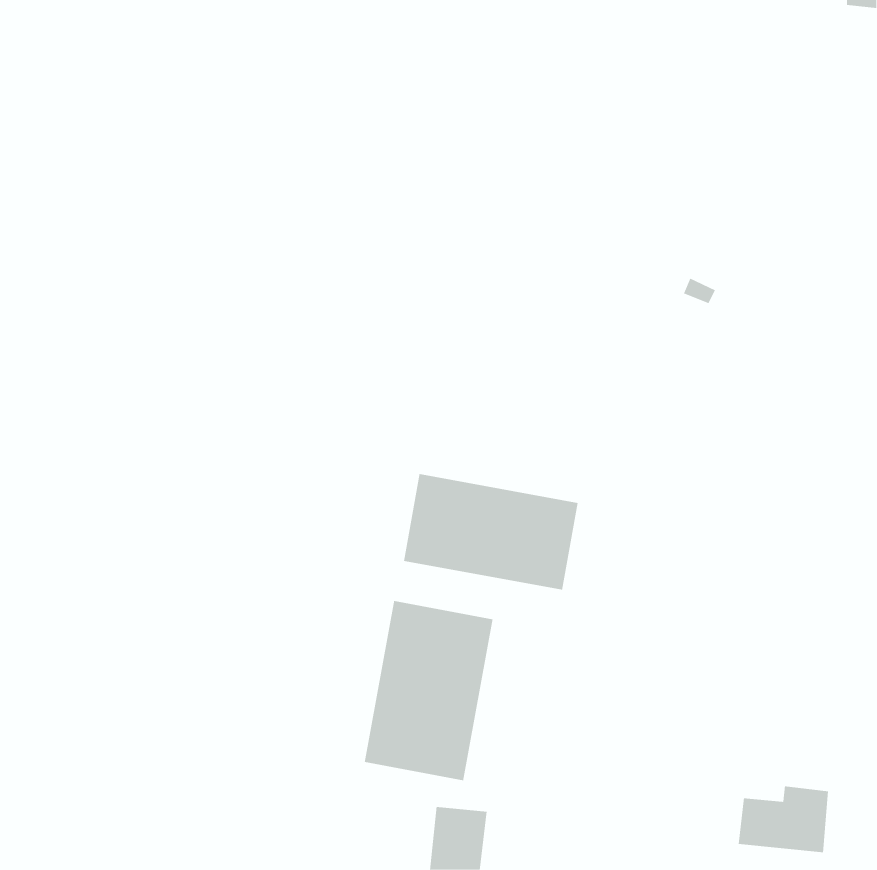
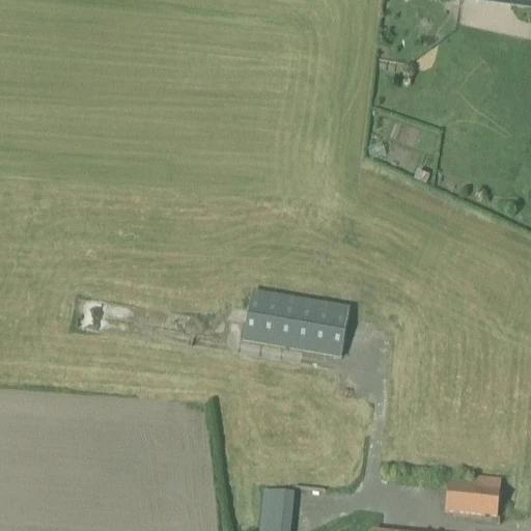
building: [364,600,493,781] -> none

